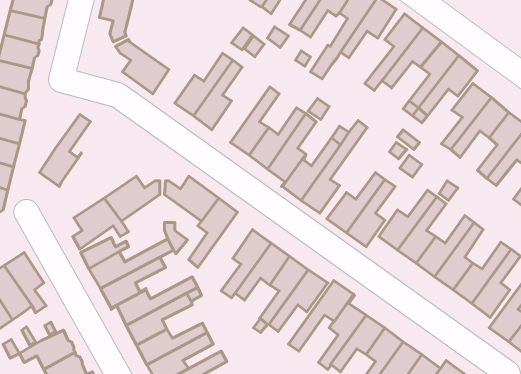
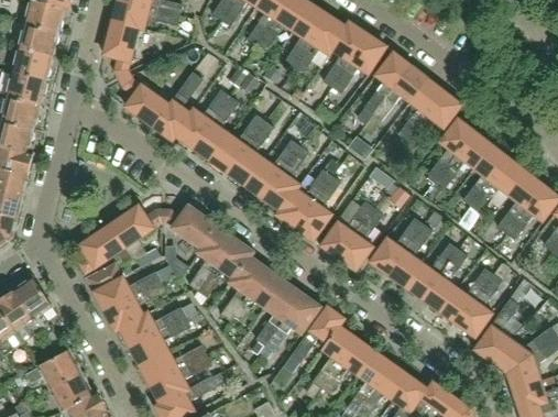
building: none -> [210,113,265,173]
building: [39,115,90,186] -> [154,72,203,140]
building: none -> [197,239,253,297]

